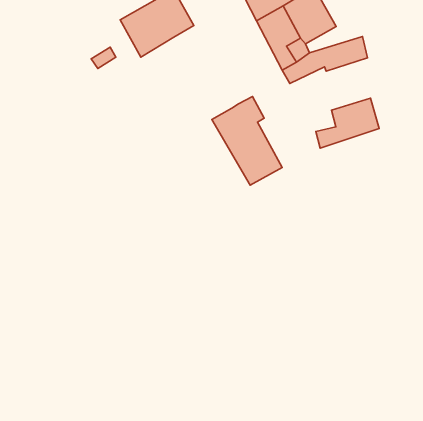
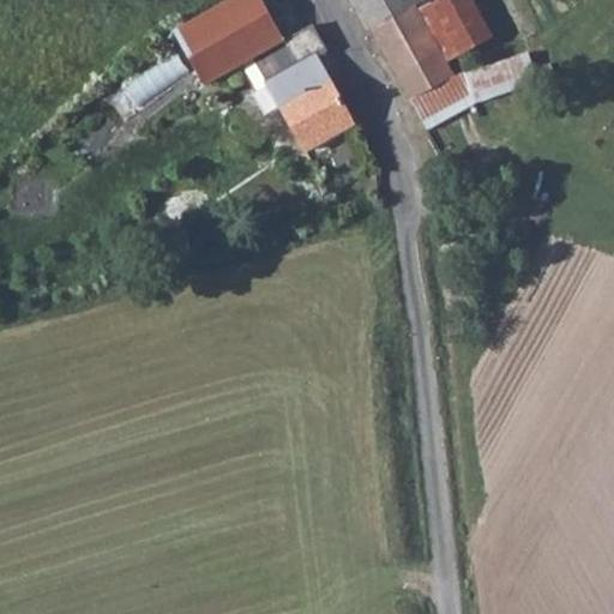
building: [212,97,282,185] -> [252,20,354,149]
building: [316,98,379,148] -> none

